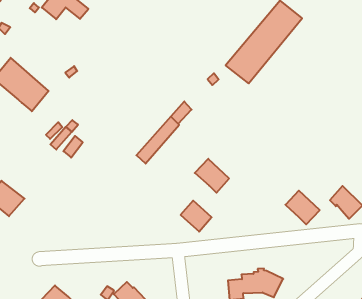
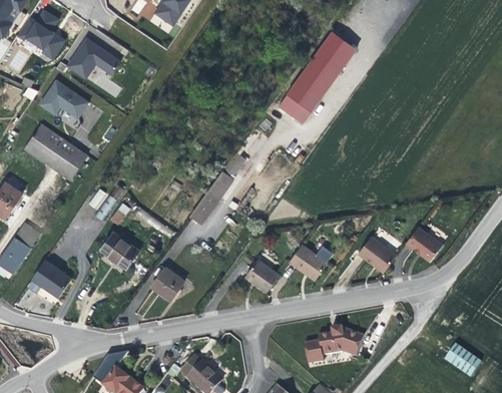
building: none -> [40,79,89,117]
building: [195,159,229,193] -> [289,244,327,280]
building: none -> [100,232,138,268]
building: none -> [150,267,184,300]

